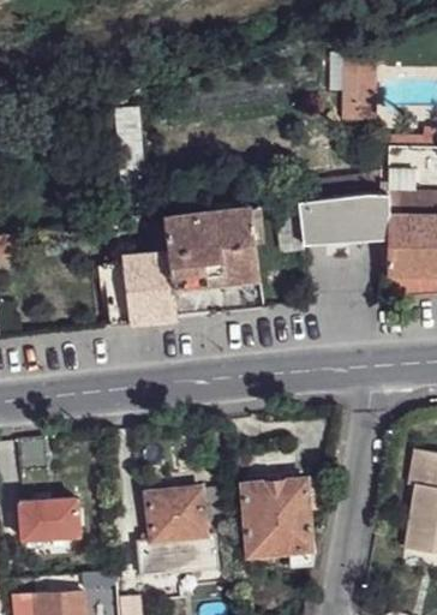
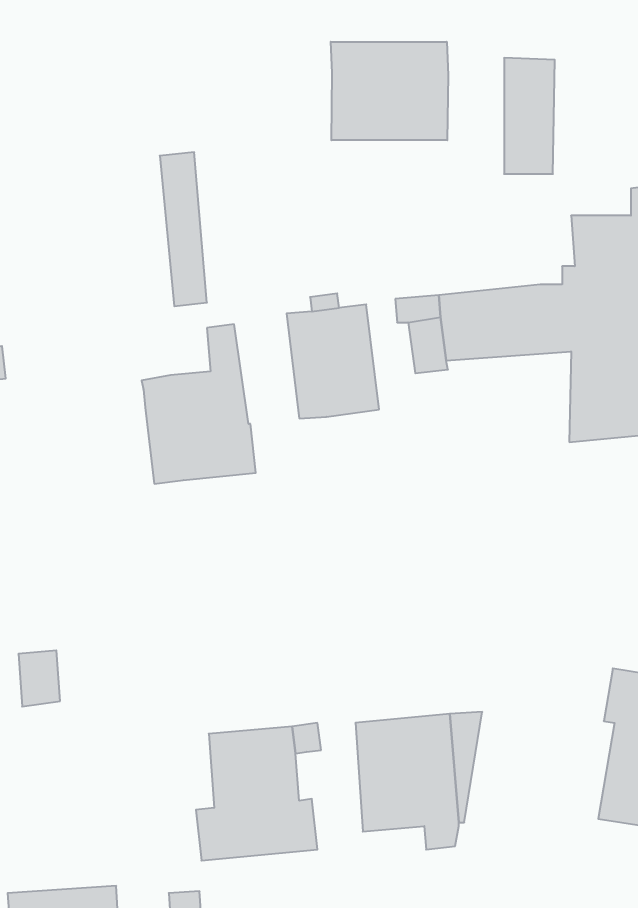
building: none -> [331,42,448,140]
building: [163,213,206,286] -> none
building: [14,492,80,539] -> none

